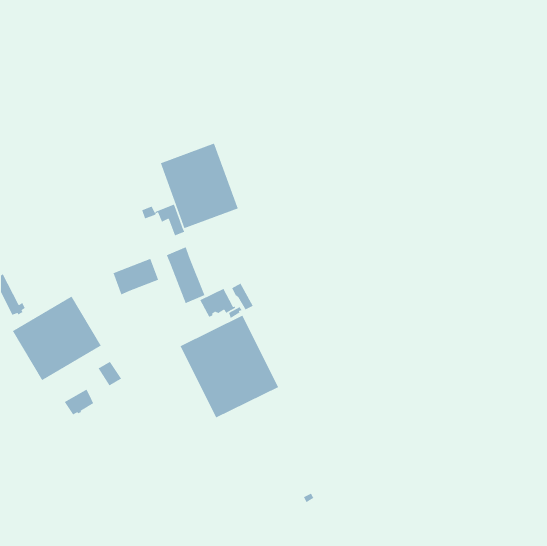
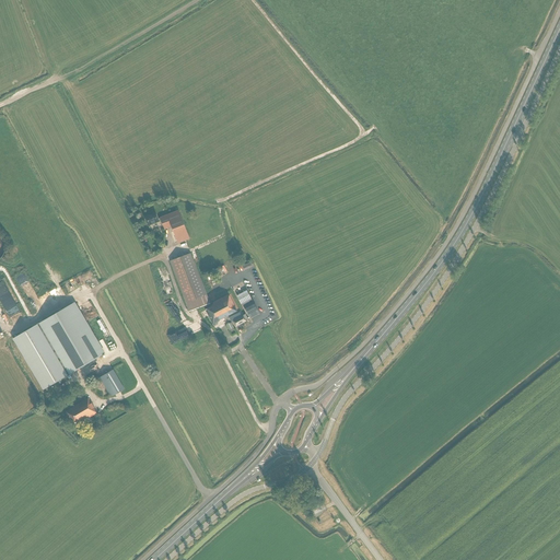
building: [160,143,239,229] -> none
building: [112,258,159,295] -> none
building: [180,315,279,419] -> none

